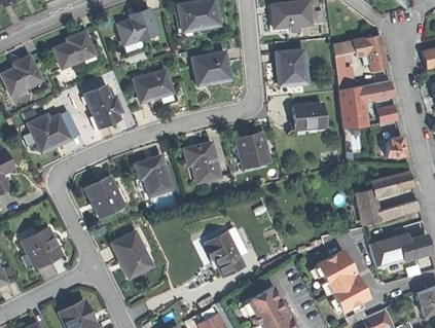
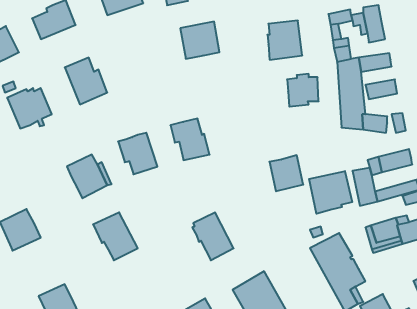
building: [136,69,176,108] -> none
building: [238,132,269,166] -> [269,155,303,191]
building: none -> [309,171,352,214]

